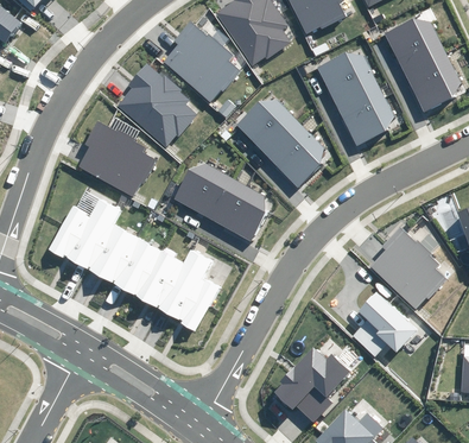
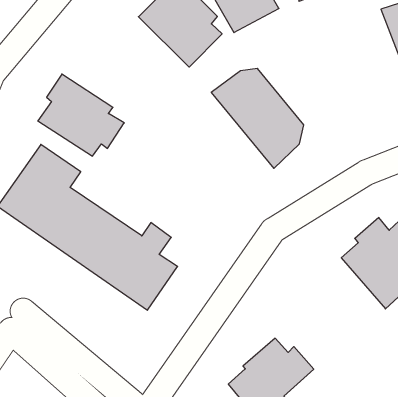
building: [316,52,394,147] -> none
building: [115,62,196,148] -> none
building: [173,163,267,241] -> none
building: [353,291,422,356] -> none

